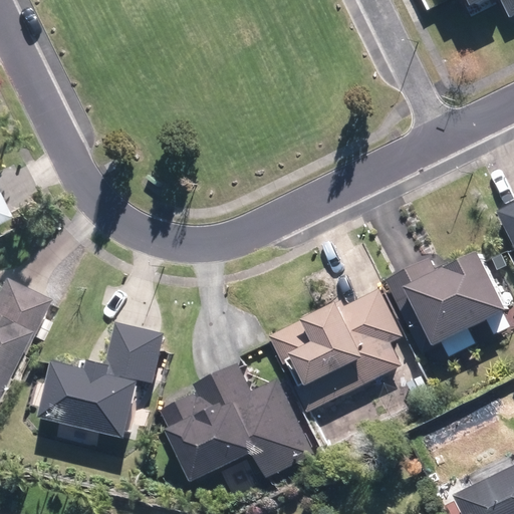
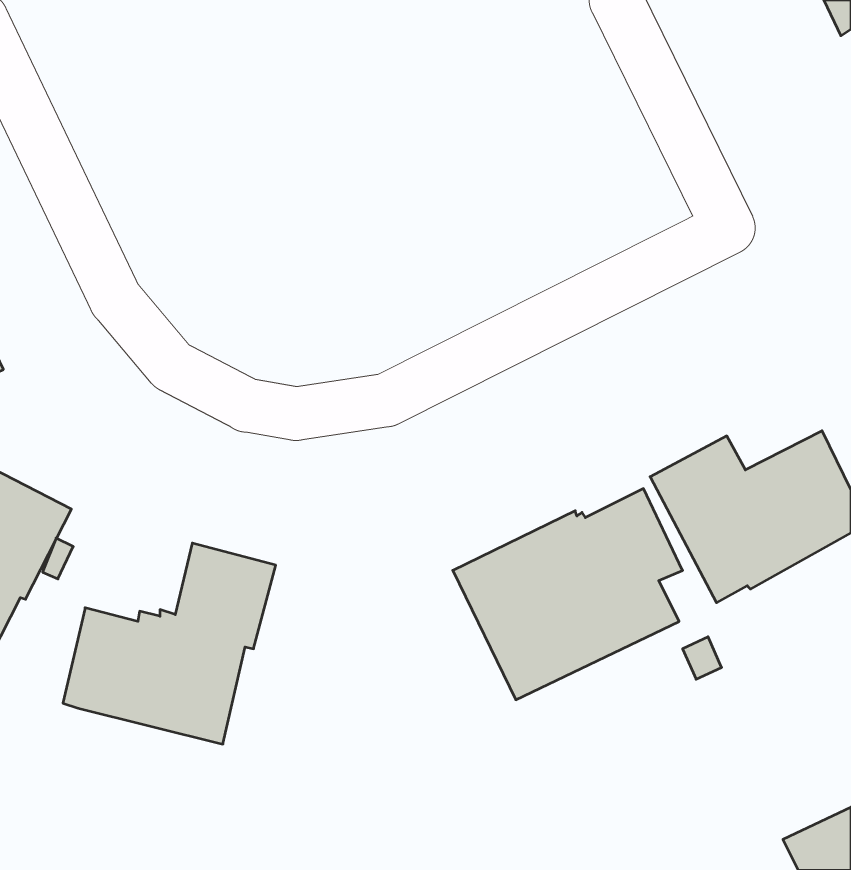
building: [158,363,312,483] -> none

